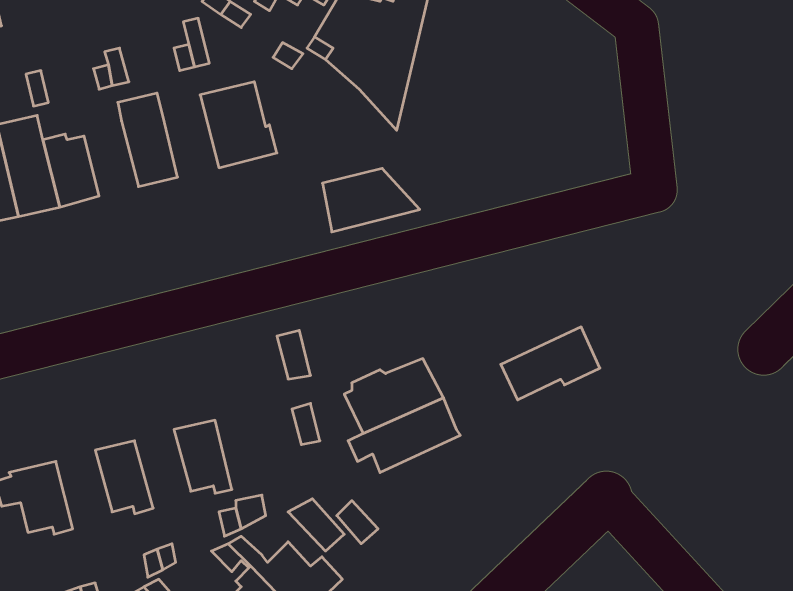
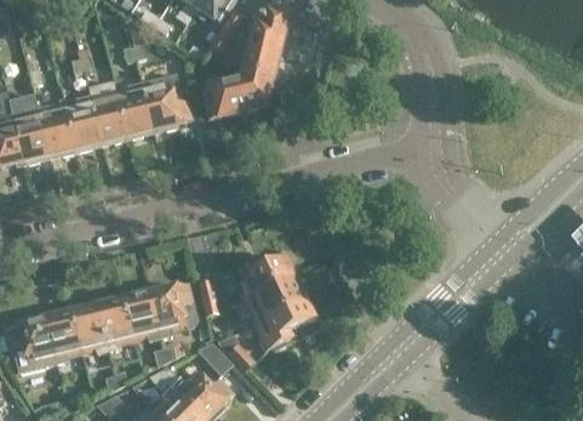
building: none -> [116,80,153,133]
building: none -> [65,97,101,146]
building: [322,168,420,232] -> [205,76,268,118]
building: [501,327,600,400] -> [257,301,321,348]
building: none -> [150,281,196,336]
building: none -> [98,297,135,348]
building: none -> [47,311,84,362]

